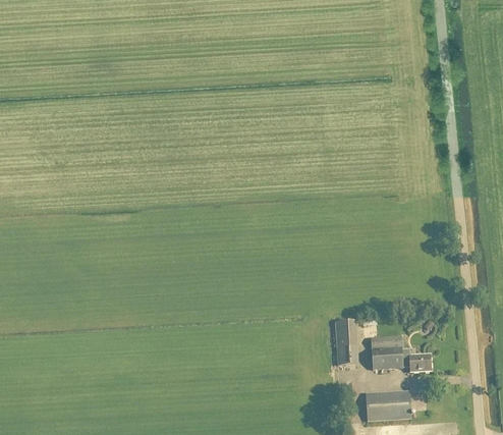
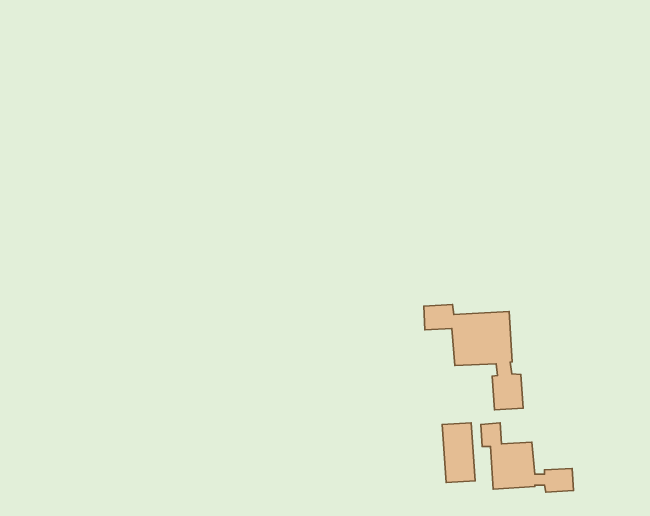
building: none -> [424,305,523,410]

